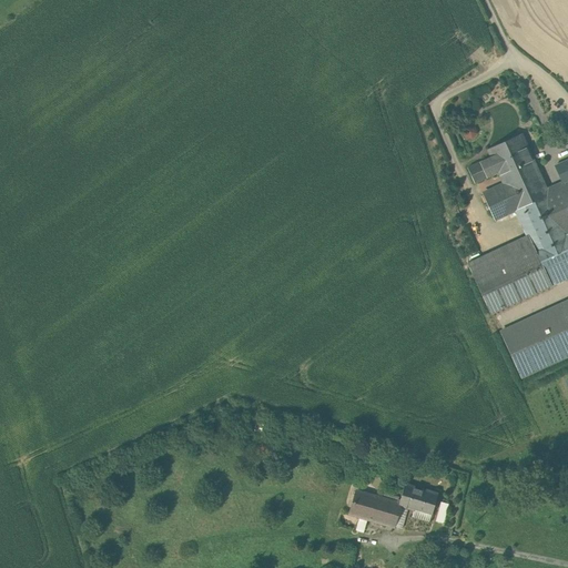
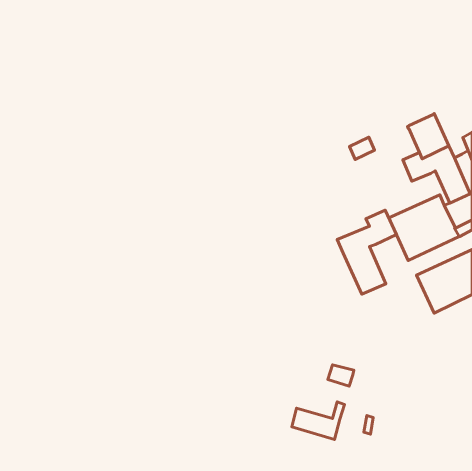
building: [468,155,498,182] -> [350,137,374,159]
building: none -> [337,210,396,294]
building: [408,486,439,511] -> [328,365,354,386]

